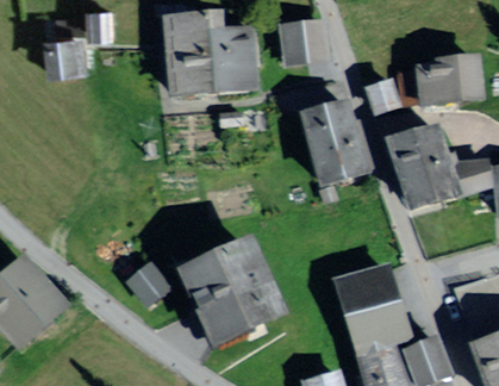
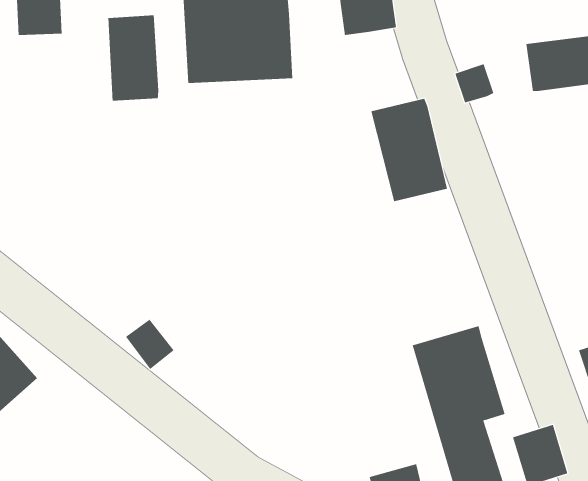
building: none -> [108,15,159,102]
building: [394,132,455,208] -> none
building: [185,250,273,341] -> none

